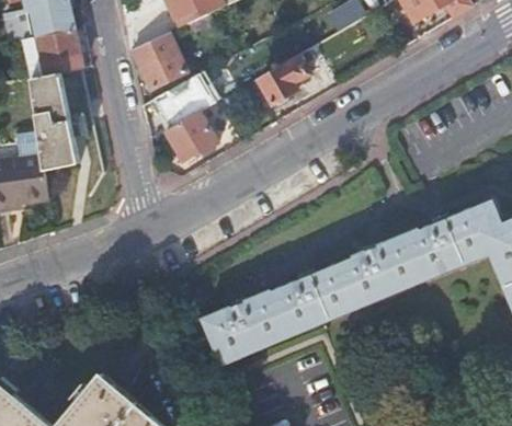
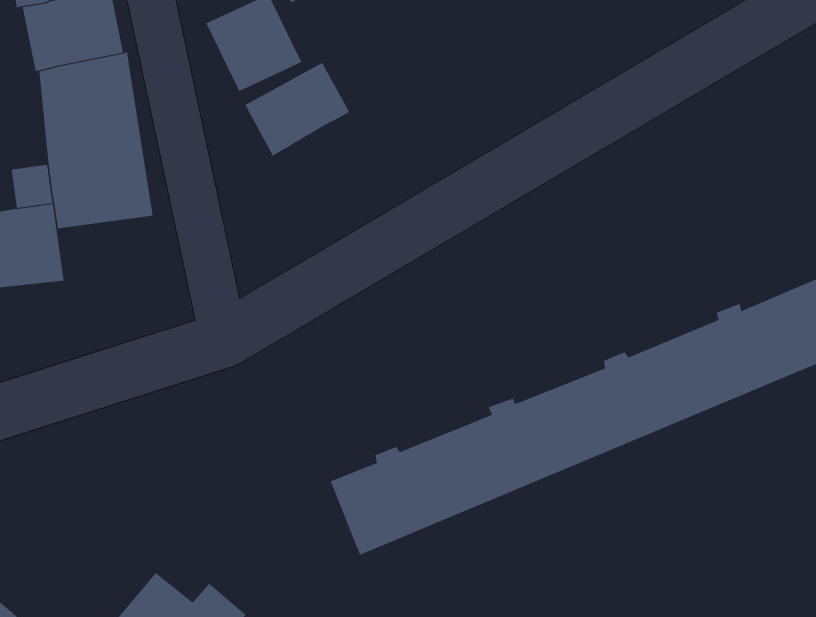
building: [258,57,309,104] -> none
building: [164,111,216,160] -> none

